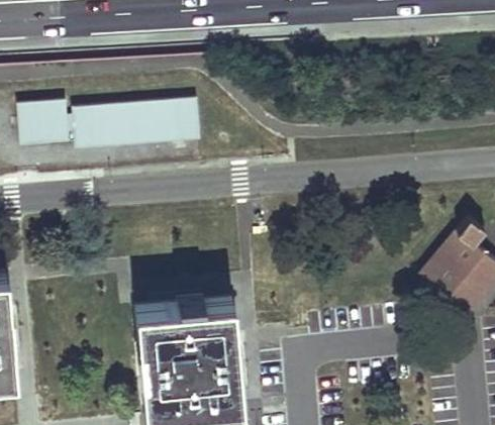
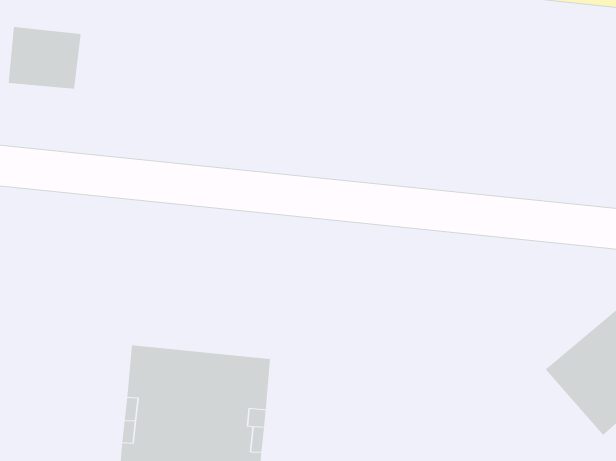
building: [73,98,197,146] -> none

